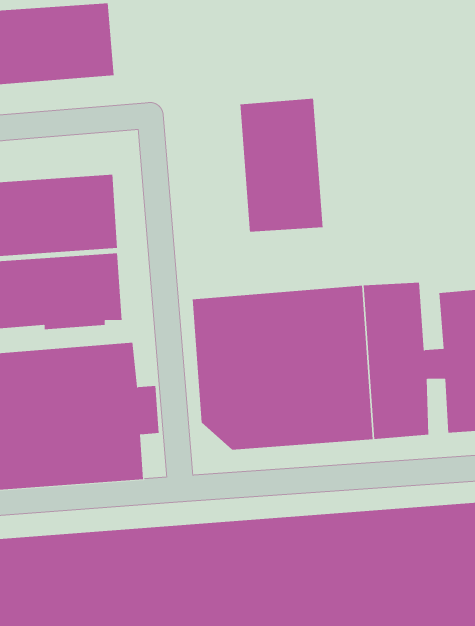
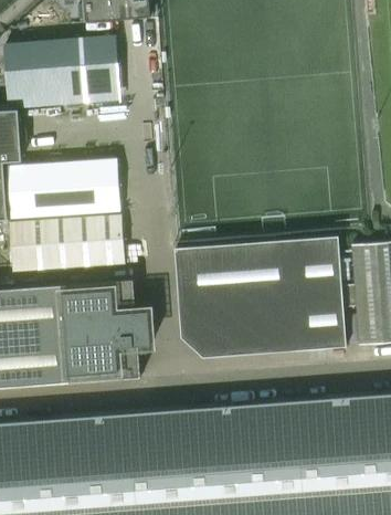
building: [240,98,323,233] -> none

